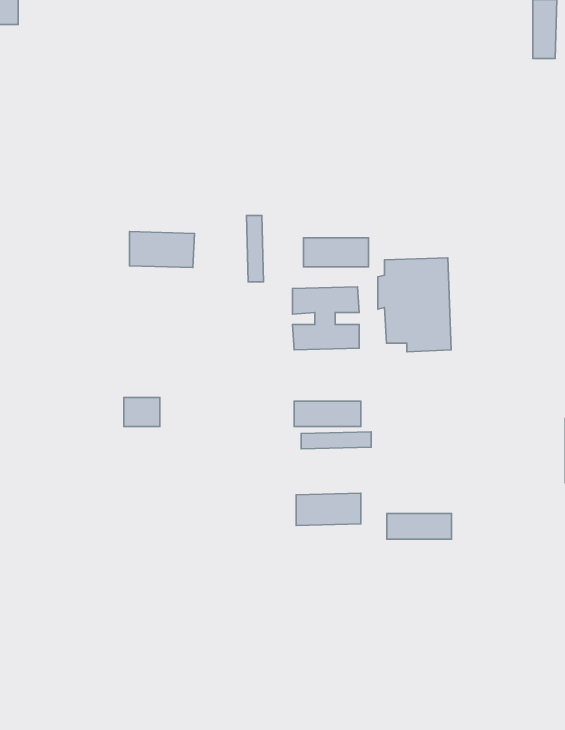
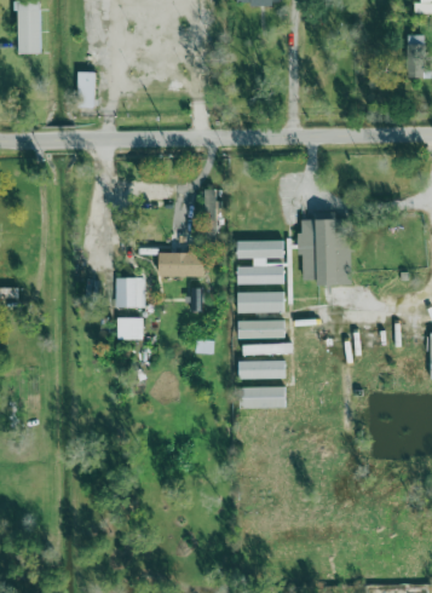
building: none -> [76,71,94,108]
building: [130,232,194,267] -> [159,252,205,277]
building: [304,238,368,267] -> [237,292,283,312]
building: none -> [114,277,144,307]
building: [387,514,452,539] -> [238,361,284,379]

